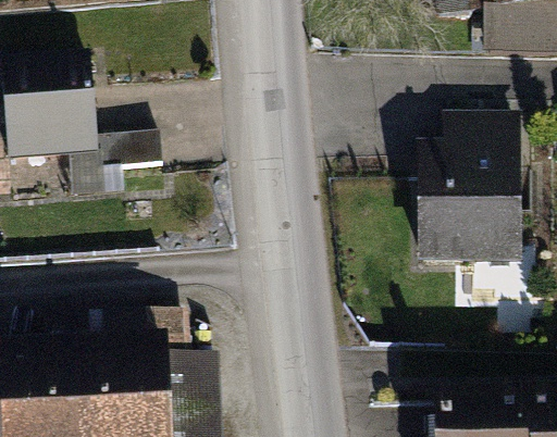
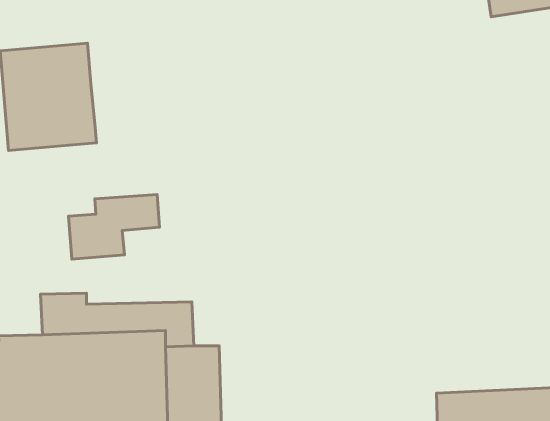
building: [409,125,520,283] -> none
building: [70,135,160,199] -> [68,194,159,259]

